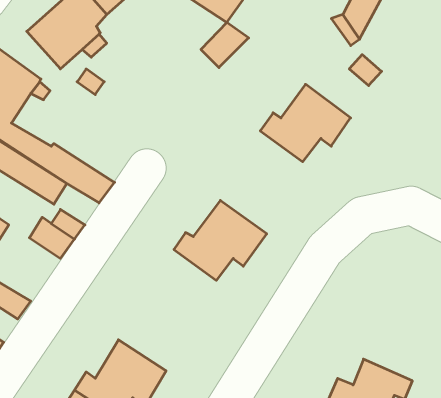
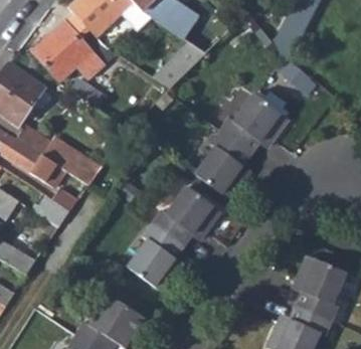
building: none -> [190,128,248,198]
building: none -> [124,220,181,291]
building: none -> [294,254,348,323]

